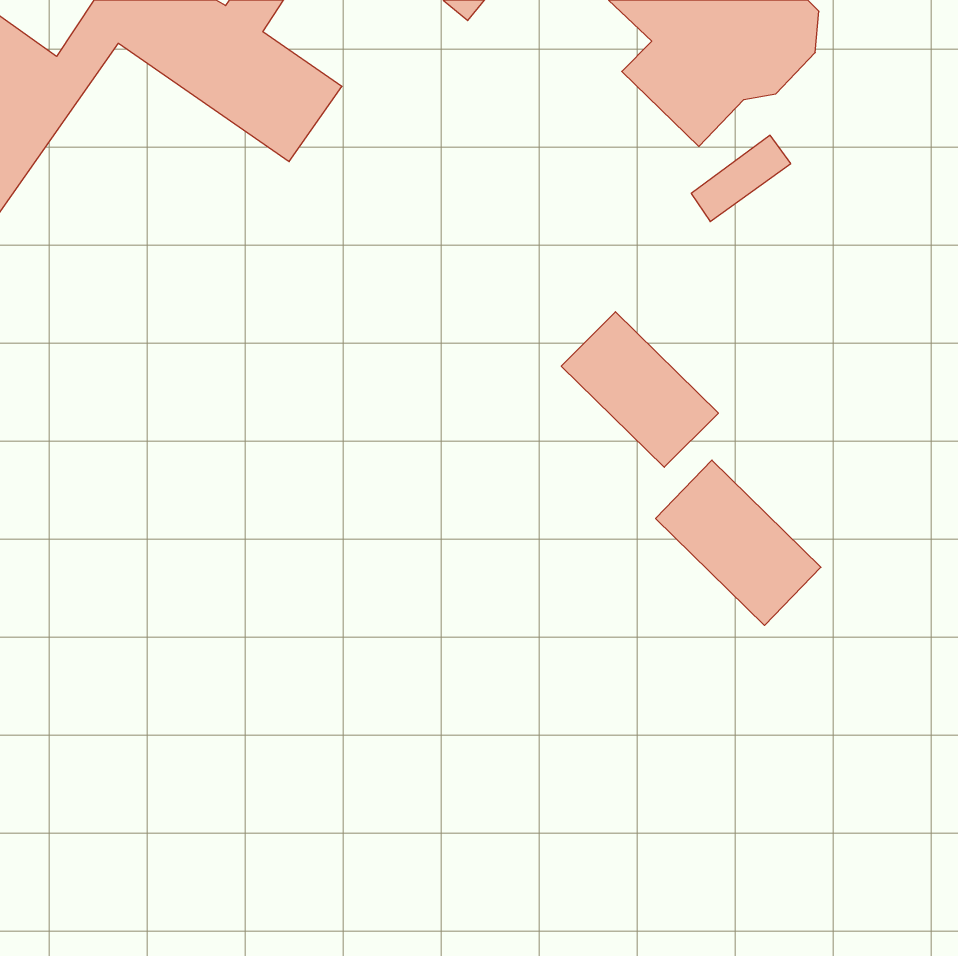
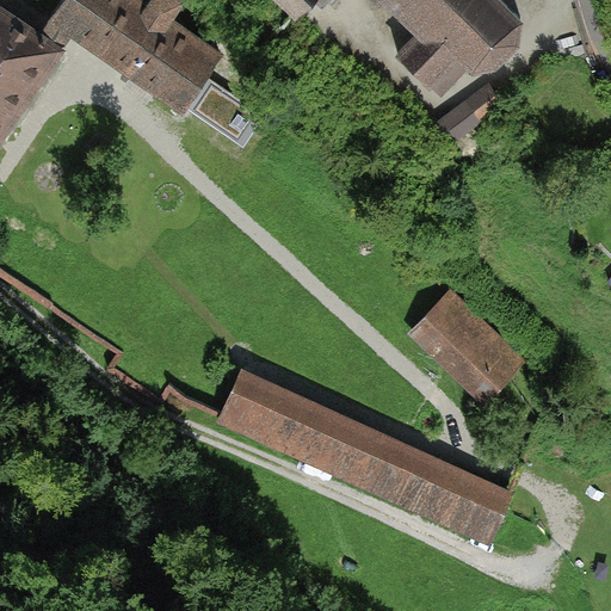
building: [561,312,718,467] -> none
building: none -> [218,372,510,539]

